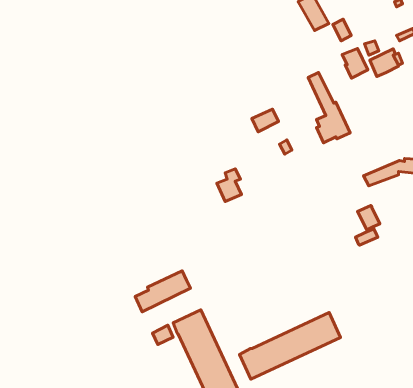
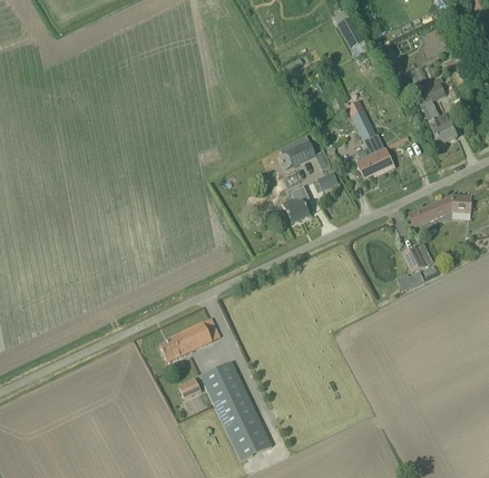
building: [342,48,368,78] -> [429,114,457,146]
building: [217,169,241,202] -> [283,187,310,223]
building: [239,313,340,379] -> none

